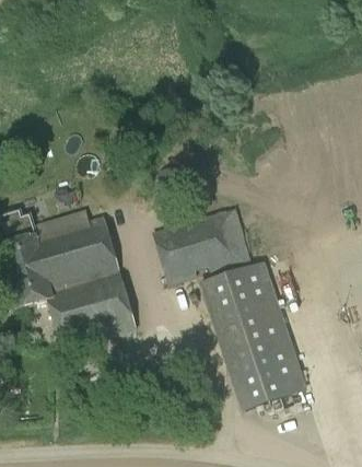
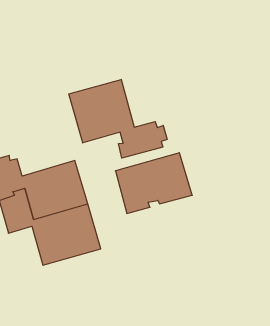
building: none -> [69,79,167,158]
building: [200,261,304,408] -> none

